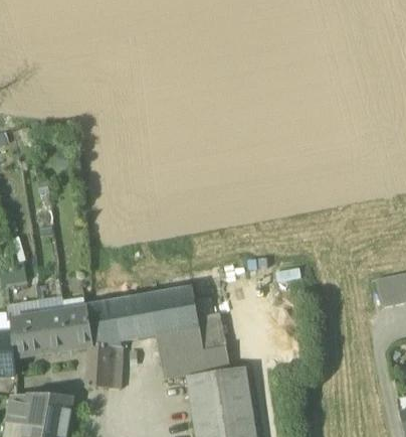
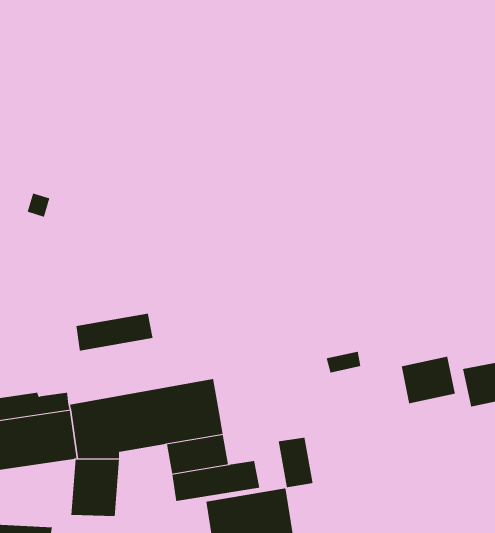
building: none -> [76,313,153,352]
building: none -> [401,356,455,404]
building: [197,313,223,350] -> [278,437,313,488]

